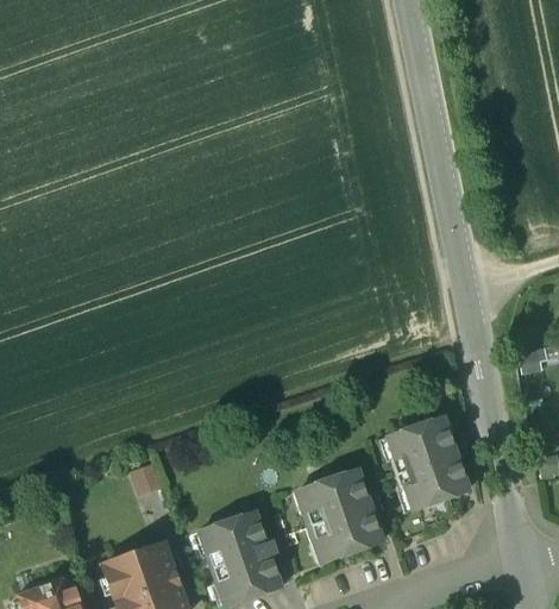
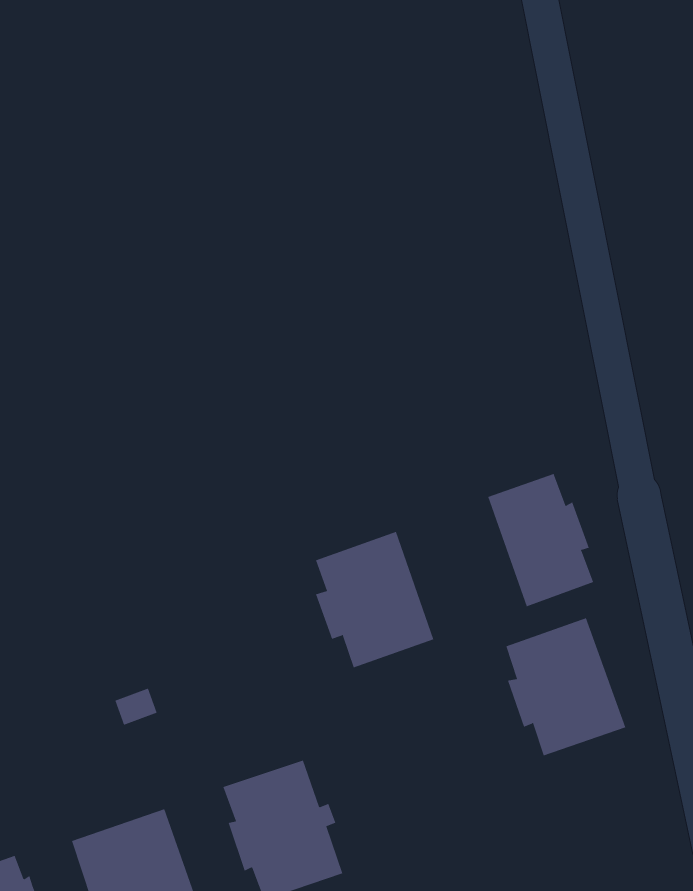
building: none -> [488,473,594,607]
building: [303,470,382,560] -> [315,531,434,668]

